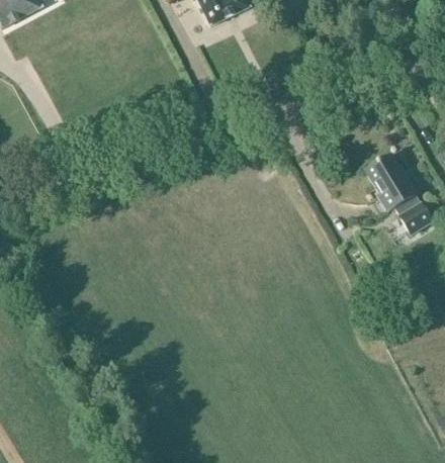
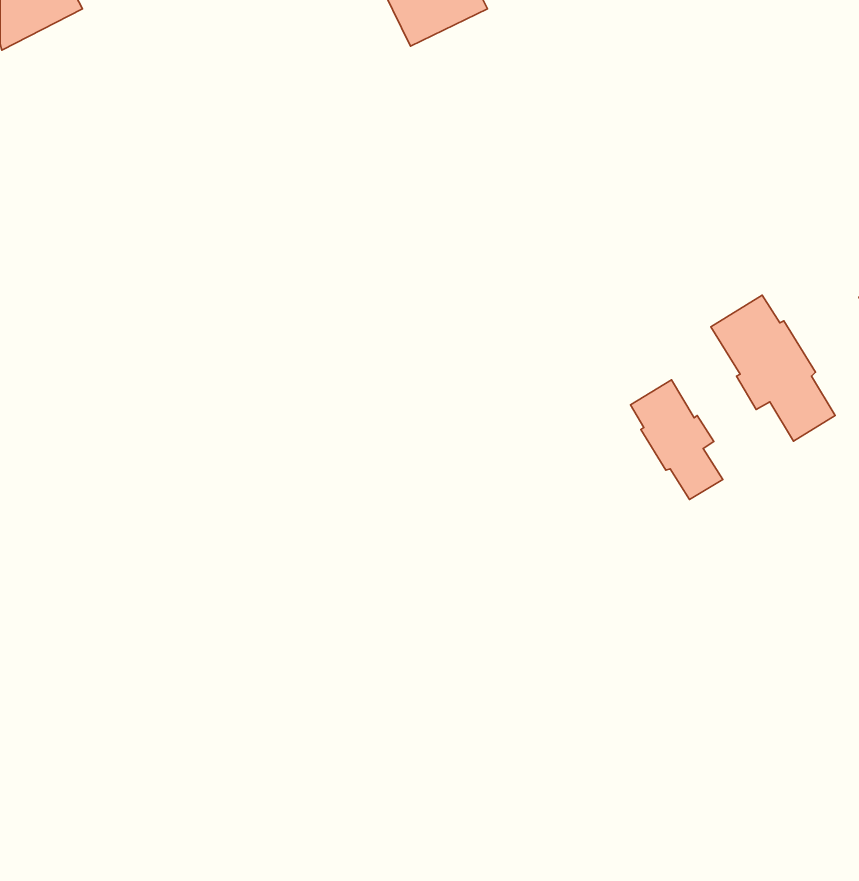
building: none -> [631,380,723,500]

